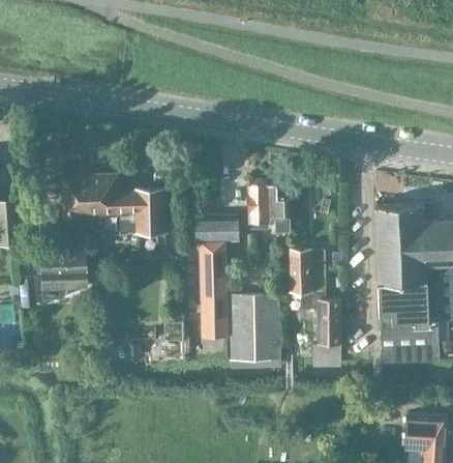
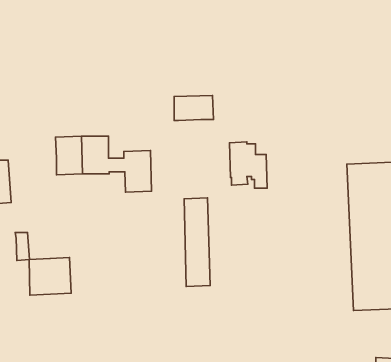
building: [195,218,238,244] -> [174,96,214,121]
building: [38,252,84,292] -> [29,258,71,295]
building: [289,253,340,363] -> none
building: [228,295,279,364] -> none

